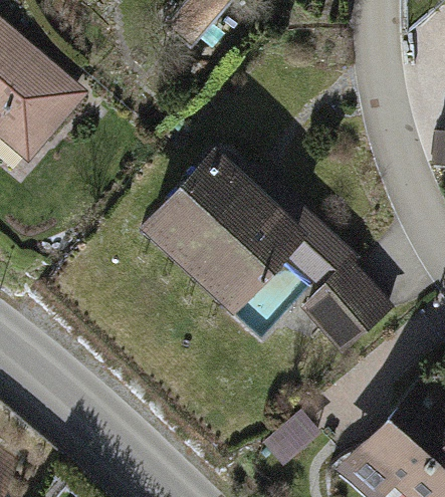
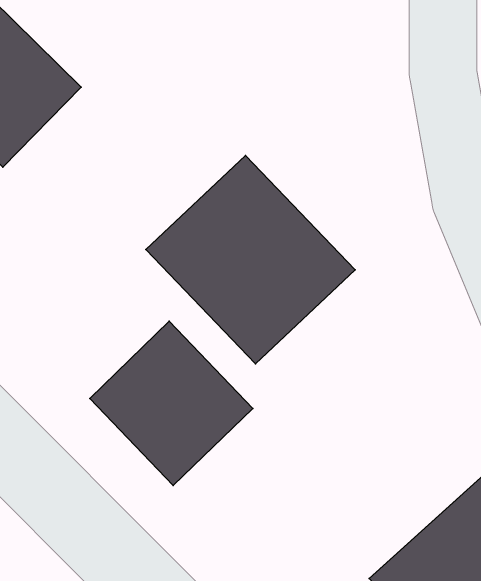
building: [295,256,387,347] -> none
building: none -> [90,321,253,486]

